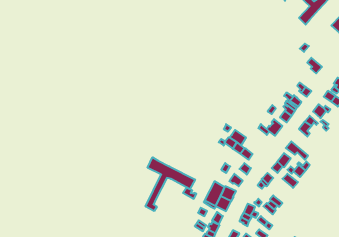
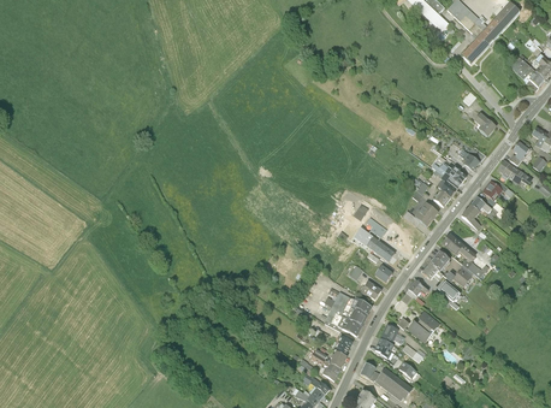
building: [146,157,195,211] -> none

